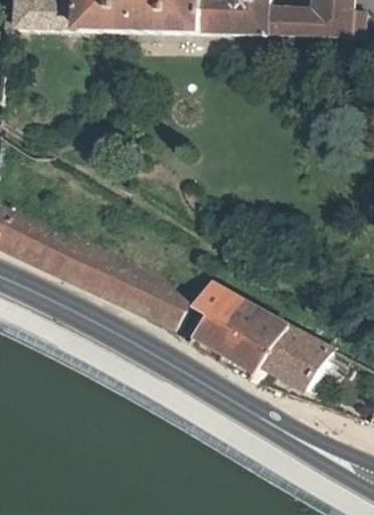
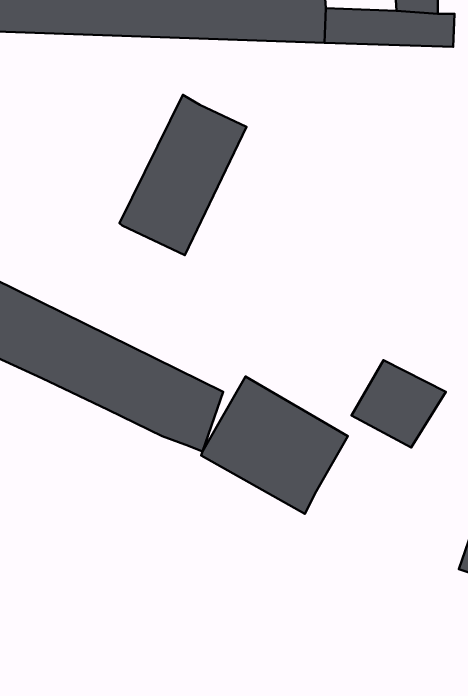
building: none -> [120,95,246,255]
building: [262,321,331,384] -> [352,360,446,447]

